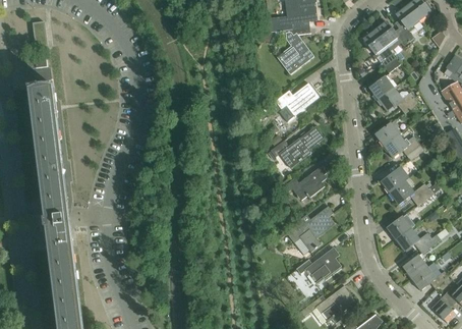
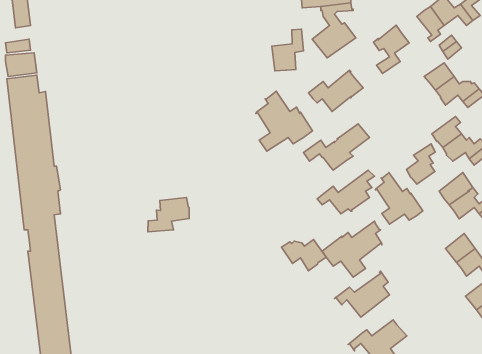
building: none -> [373,25,409,74]
building: none -> [272,29,303,71]
building: none -> [256,91,313,151]
building: none -> [407,144,435,184]
building: none -> [376,172,423,224]
building: none -> [148,197,189,232]
building: none -> [282,239,326,271]

